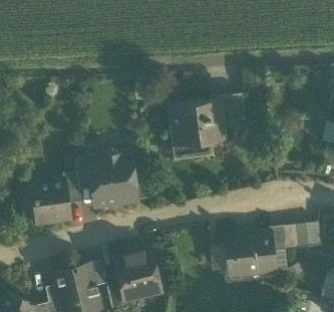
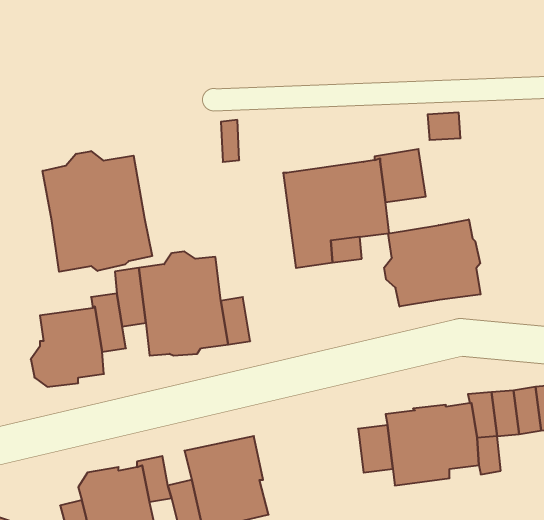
building: none -> [43,151,152,272]
building: none -> [384,219,481,307]

